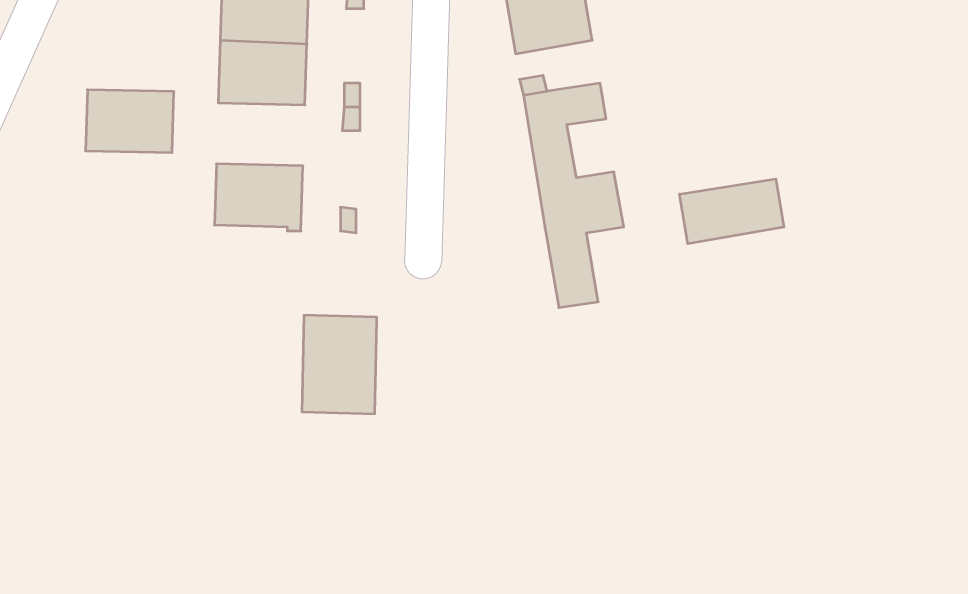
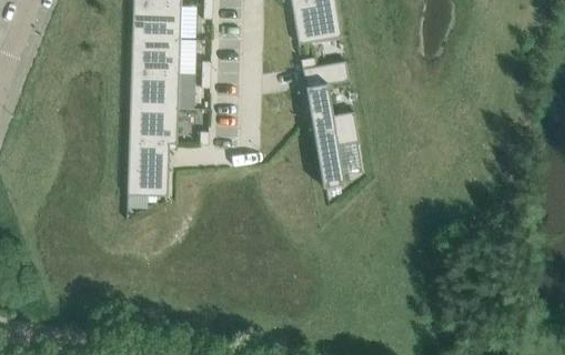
building: [85,90,174,153] -> [130,72,180,108]
building: [680,179,784,244] -> none
building: [302,315,377,414] -> [128,141,170,196]

